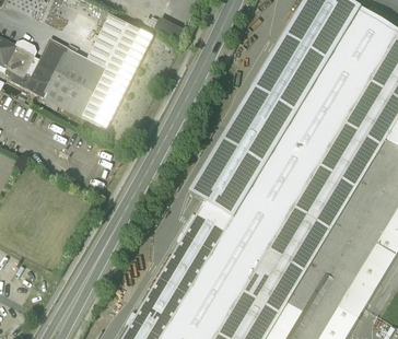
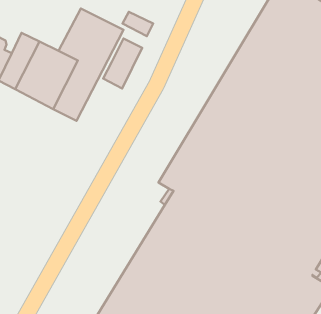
building: none -> [103,39,142,89]

